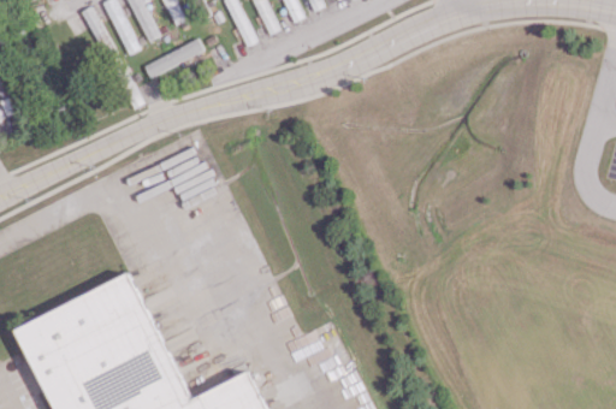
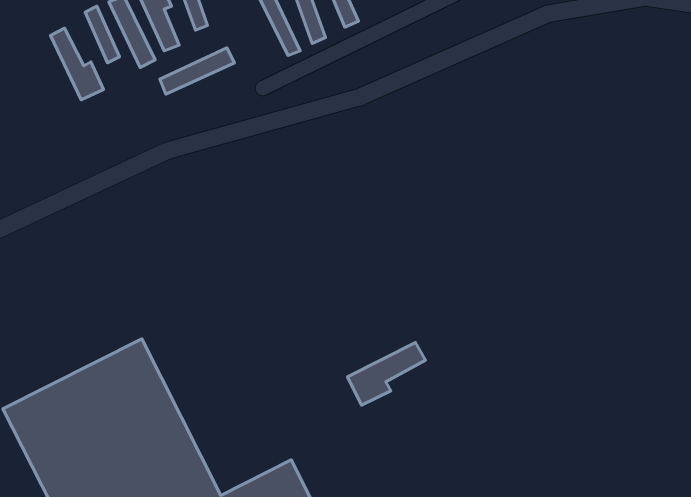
building: none -> [51,28,103,100]
building: none -> [348,342,425,405]

